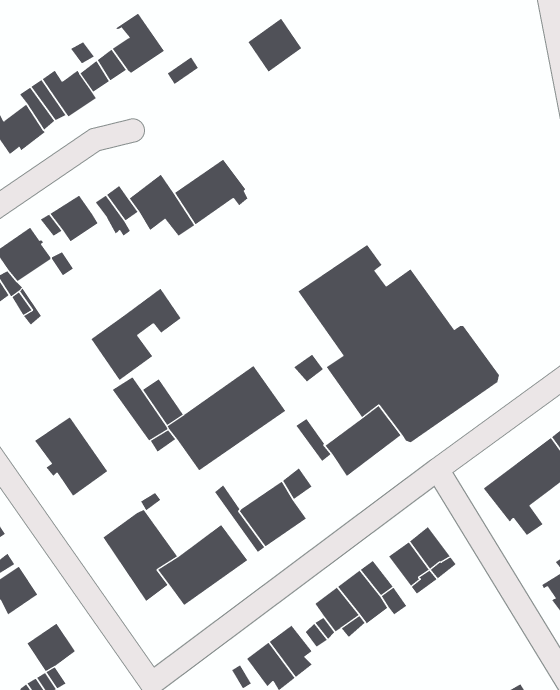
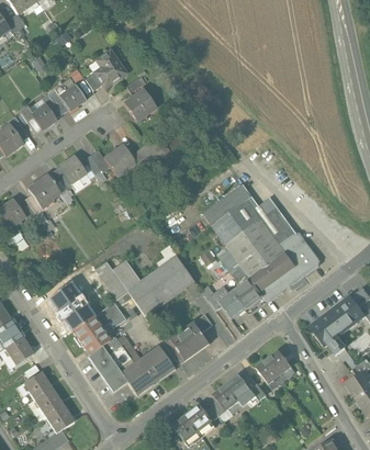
building: [247,18,302,73] -> [124,89,156,121]
building: [91,288,182,381] -> [72,301,125,355]
building: none -> [34,387,63,416]

